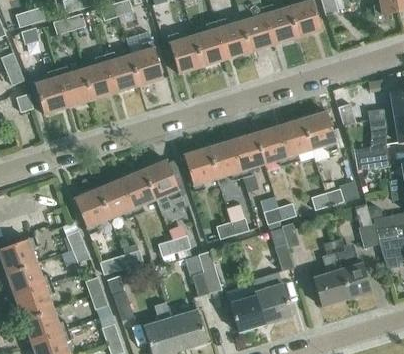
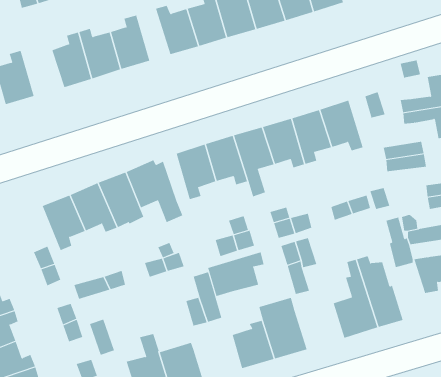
building: [57,66,92,107] -> none
building: none -> [208,252,264,297]

